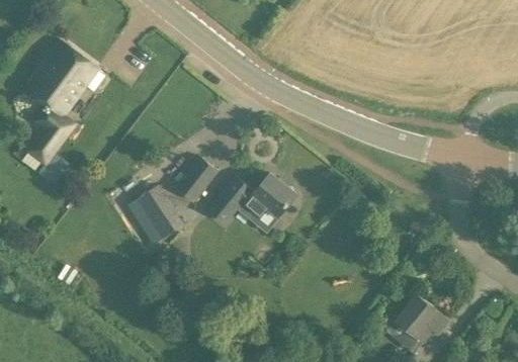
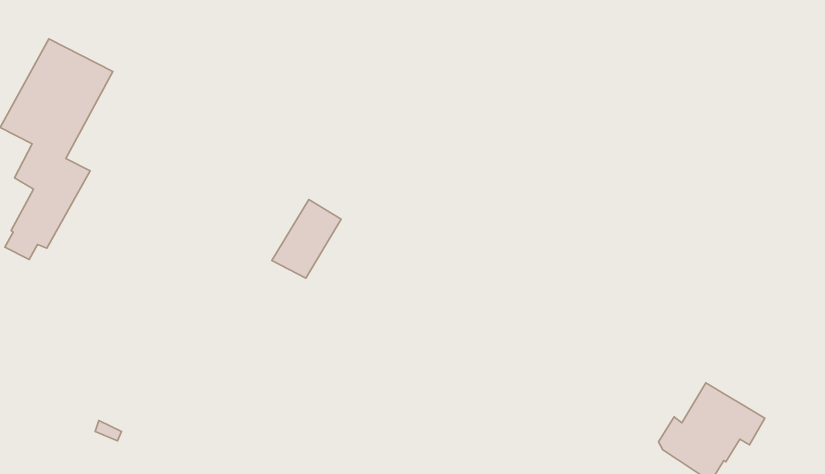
building: [206,173,296,225] -> none
building: [127,184,184,236] -> none

